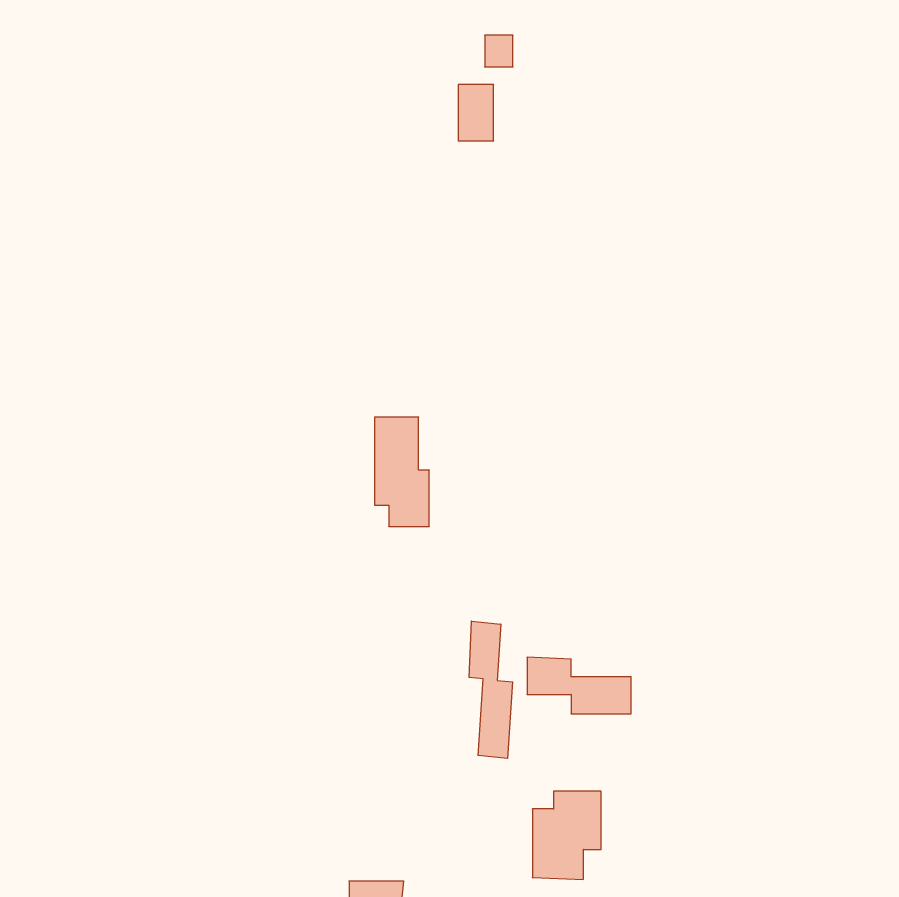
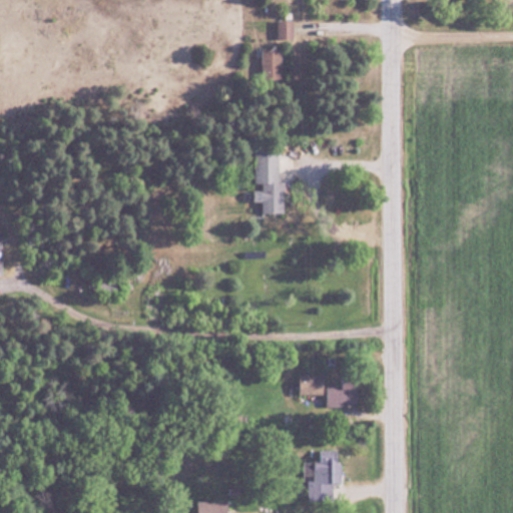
building: [375,417,429,526] -> [254,152,286,214]
building: [469,621,513,758] -> none

